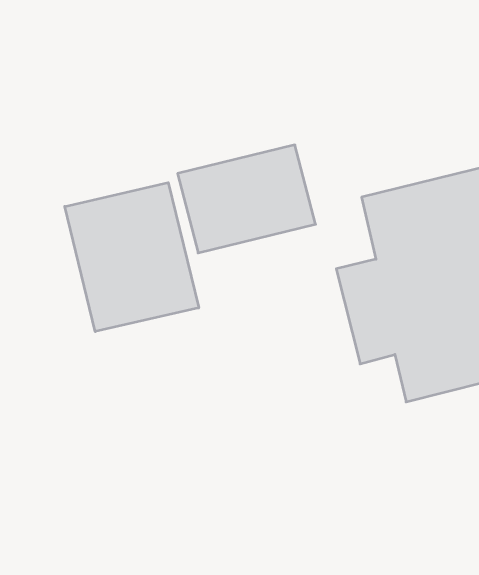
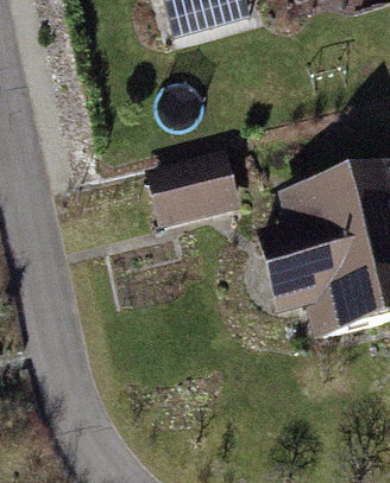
building: [65,183,199,332] -> none

